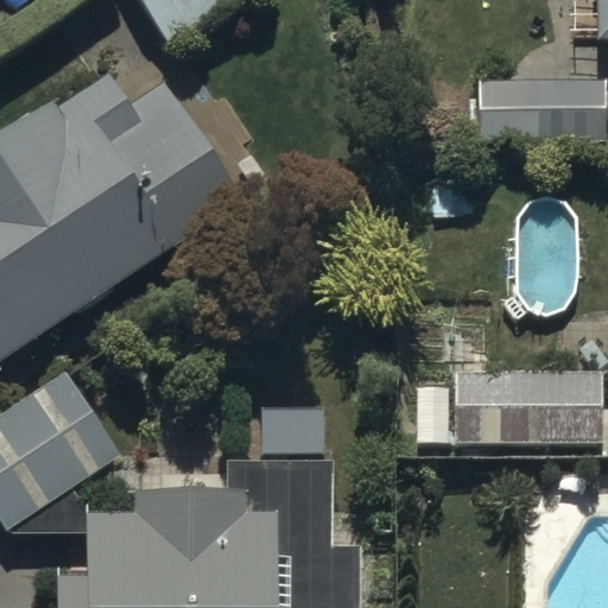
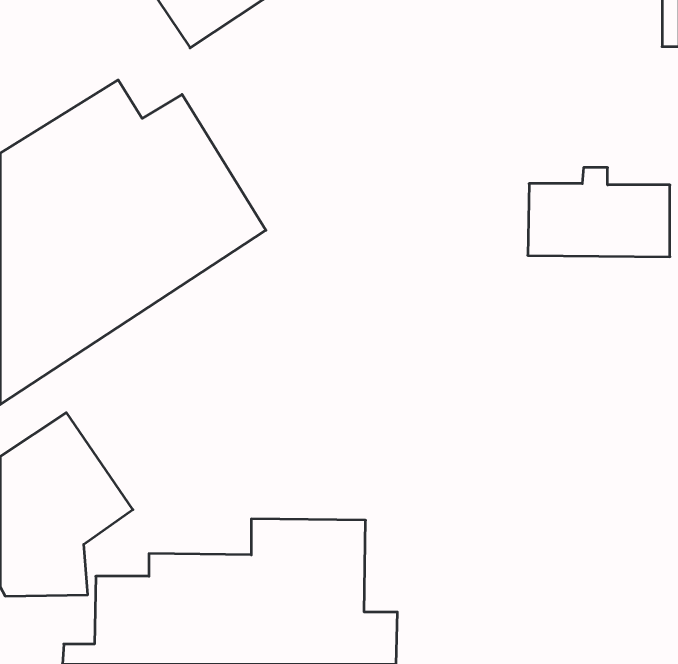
building: [475,62,602,141] -> [528,168,670,257]
building: [449,365,600,441] -> none

